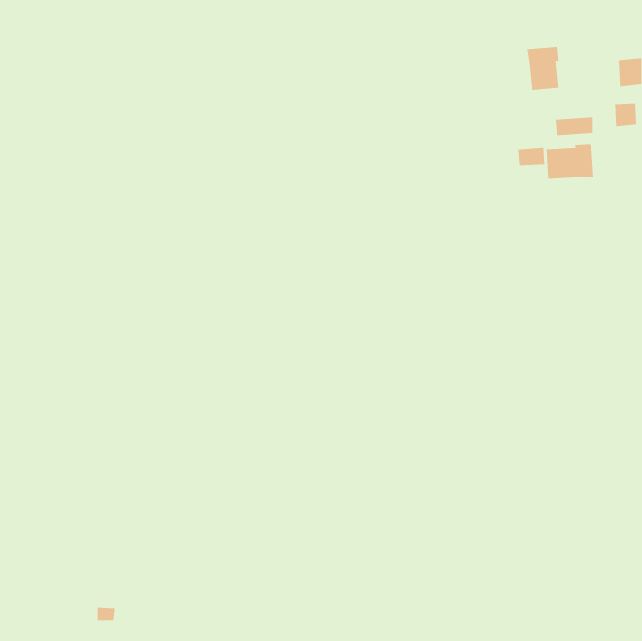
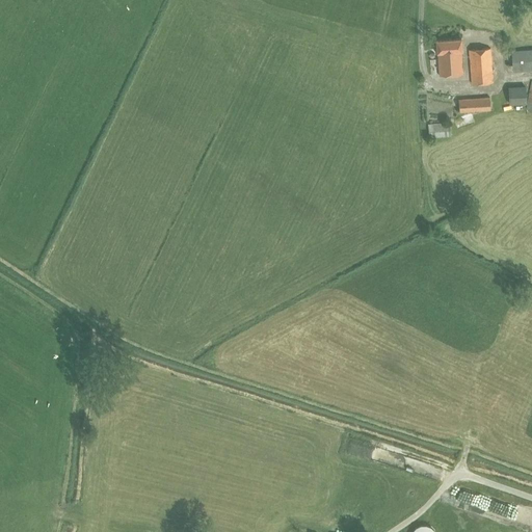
building: none -> [469,49,494,84]
building: [546,143,594,179] -> none

